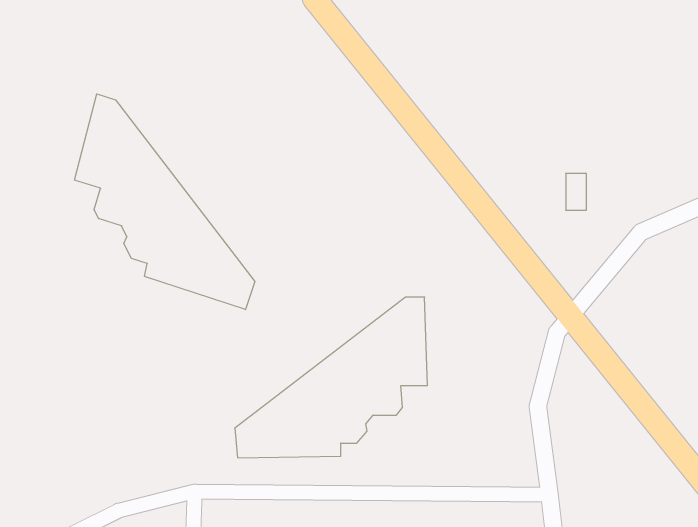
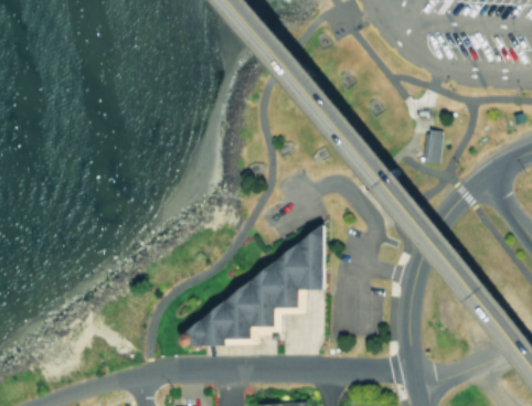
building: [74,94,255,310] -> none

